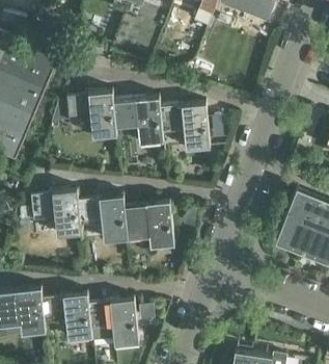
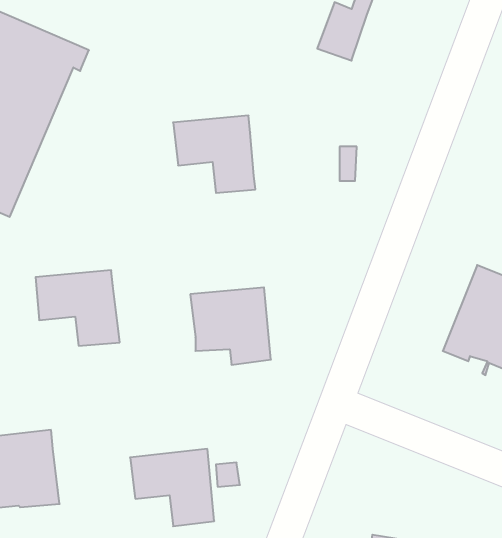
building: [53,90,117,138] -> none
building: [161,103,210,150] -> none
building: [78,196,128,242] -> none
building: [42,293,92,340] -> none

